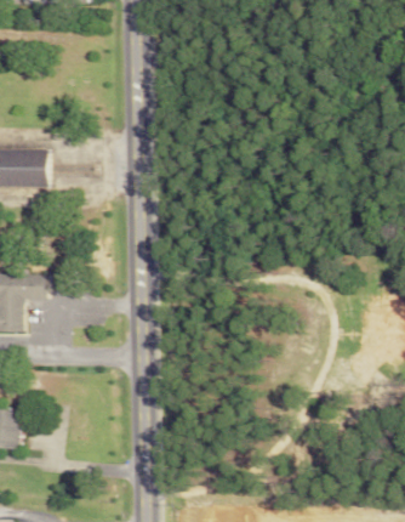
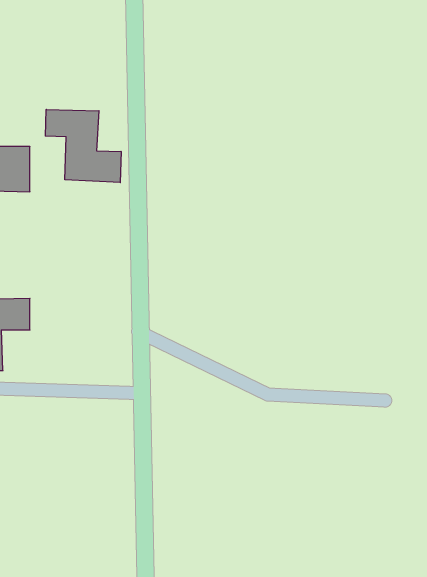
building: none -> [45,109,121,183]

